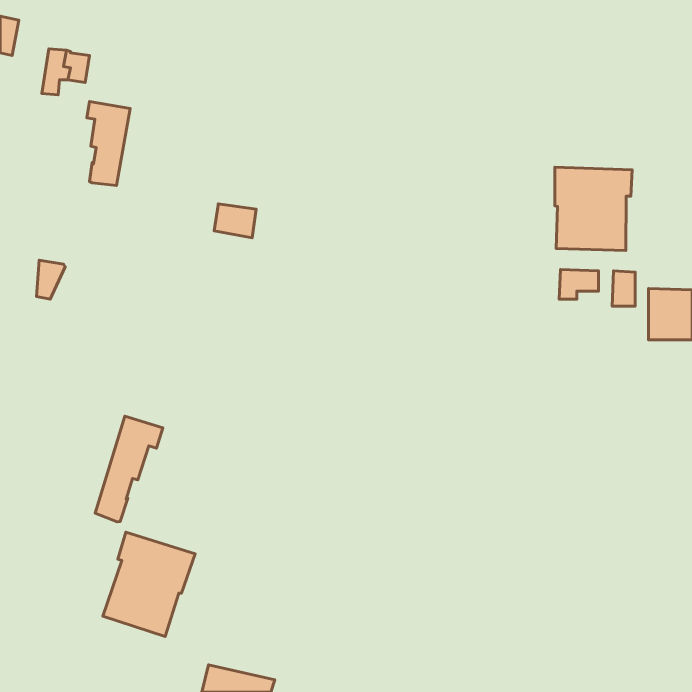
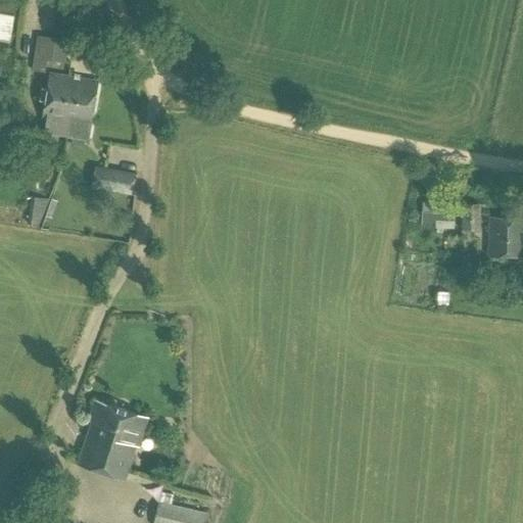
building: none -> [41,74,73,137]
building: [555,167,632,250] -> none
building: [214,204,256,238] -> [103,170,135,195]
building: [95,416,163,522] -> none

